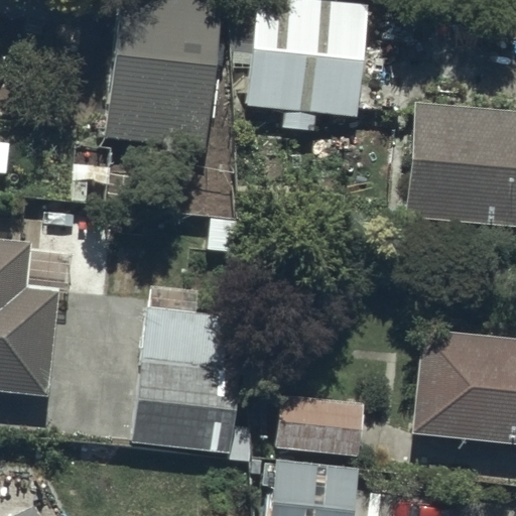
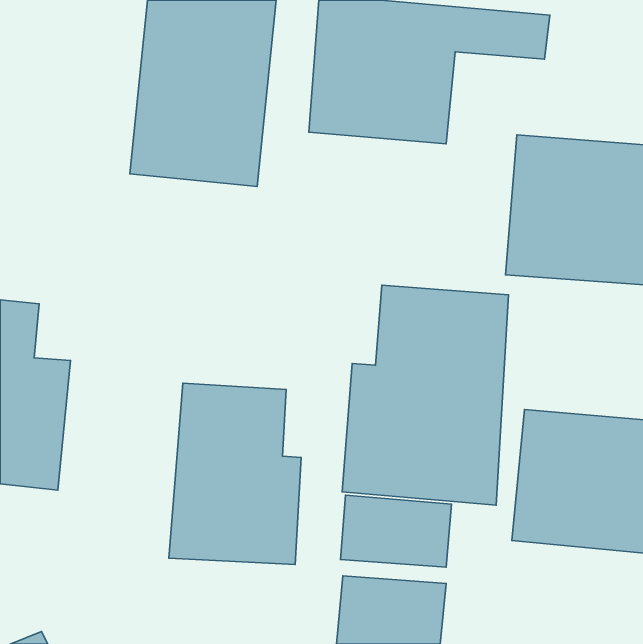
building: none -> [342,285,508,505]

